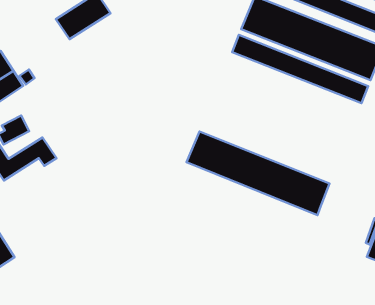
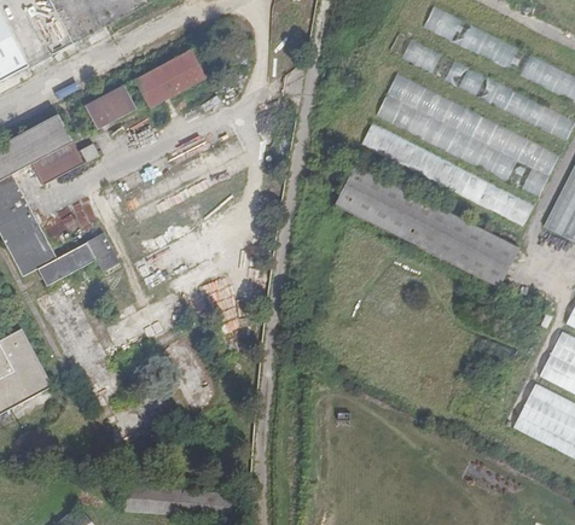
building: none -> [85,87,137,129]
building: [186,132,330,215] -> [335,167,519,290]

